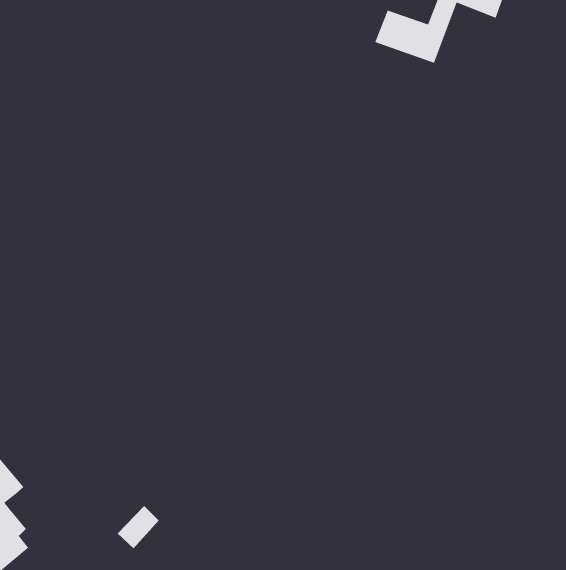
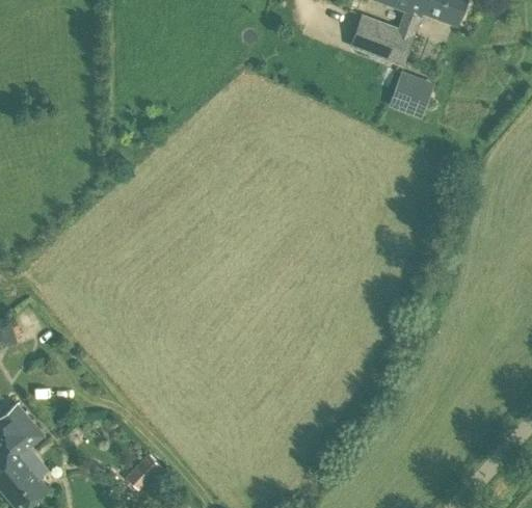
building: none -> [390,71,424,109]

